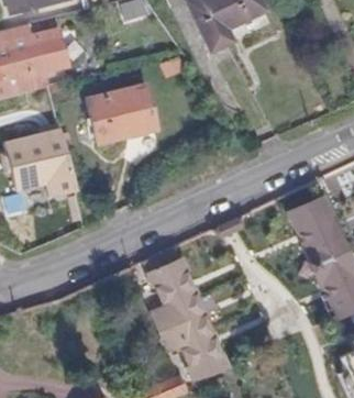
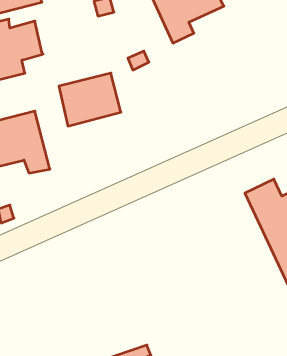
building: [143,247,226,384] -> none

